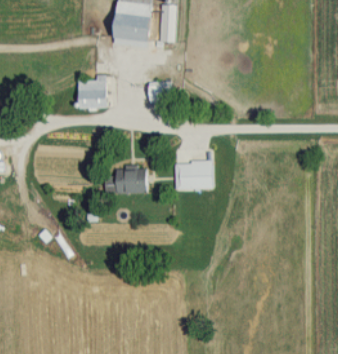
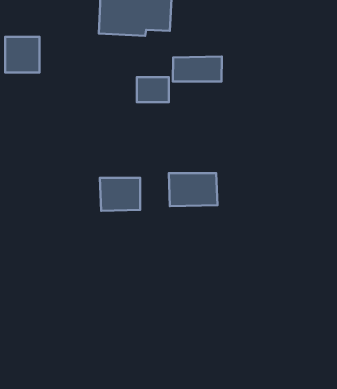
building: none -> [173,56,222,81]
building: [77,78,106,108] -> [5,37,40,72]

